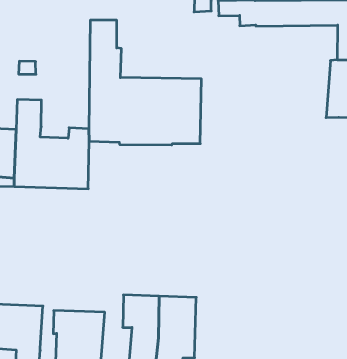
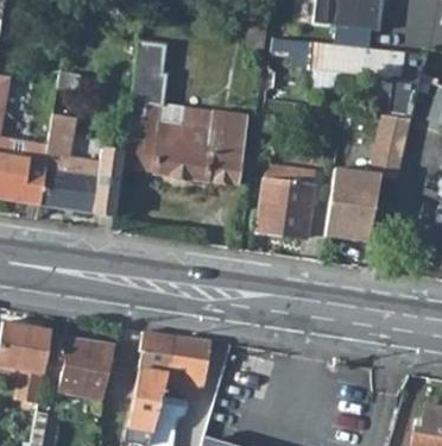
building: none -> [255,164,324,238]
building: none -> [323,168,381,241]

